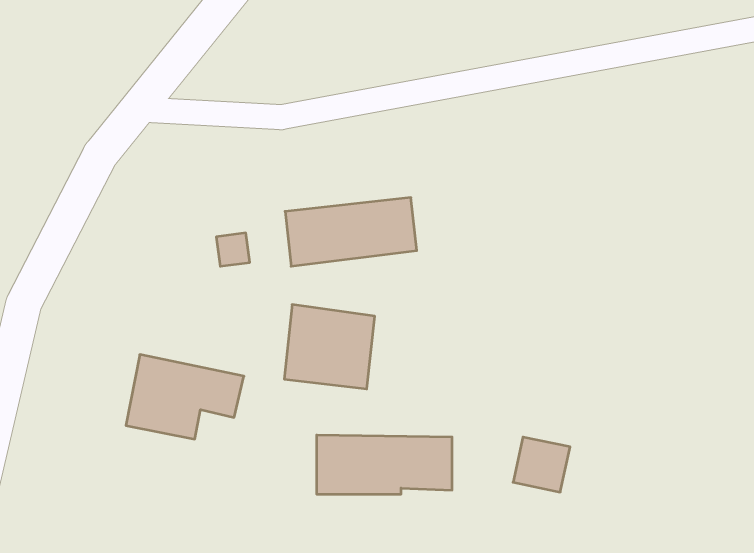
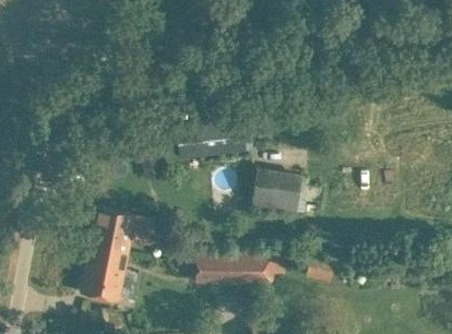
building: [284,305,375,389] -> [251,172,301,219]
building: none -> [81,249,129,303]

